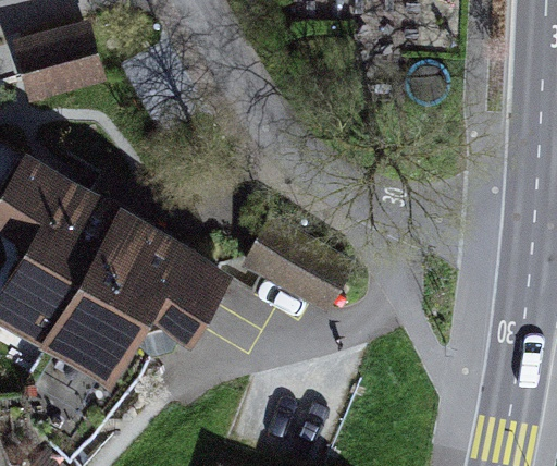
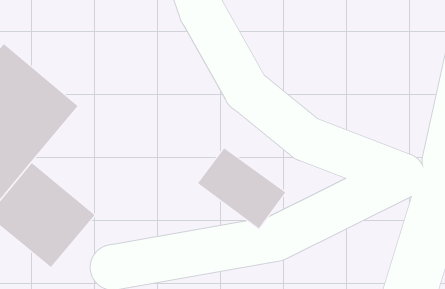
building: [65,211,231,355] -> none

